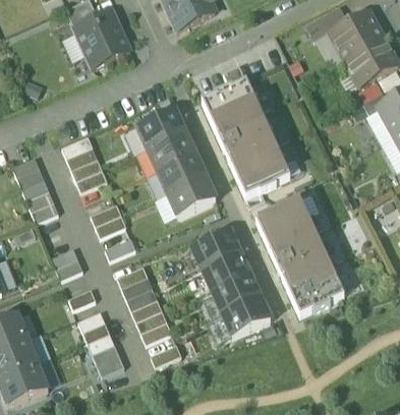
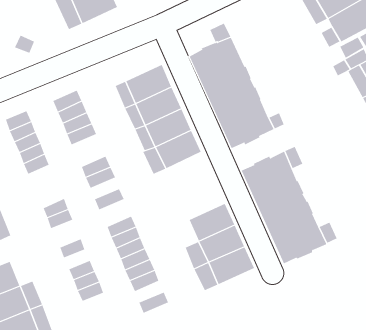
building: [192,228,240,269] -> none
building: [93,344,125,375] -> none

